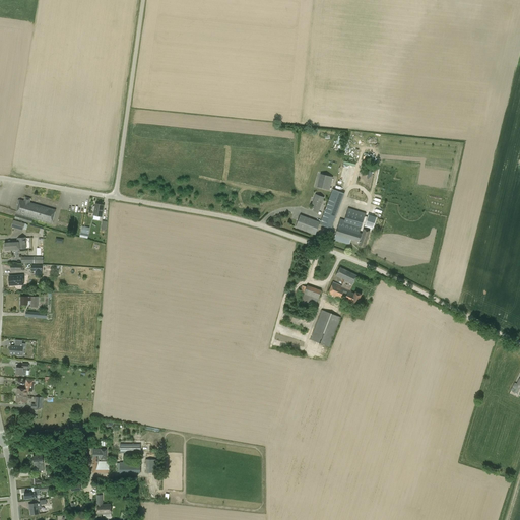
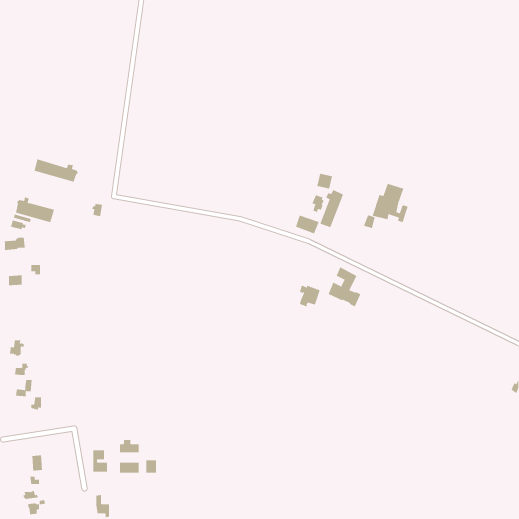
building: none -> [34,159,79,183]
building: [332,207,369,247] -> [372,183,408,223]
building: [309,309,340,346] -> none

